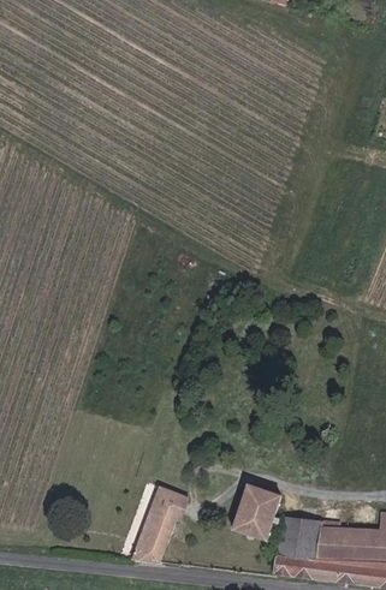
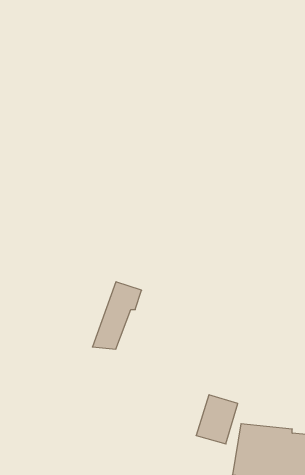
building: [132,485,188,561] -> [92,282,142,349]

